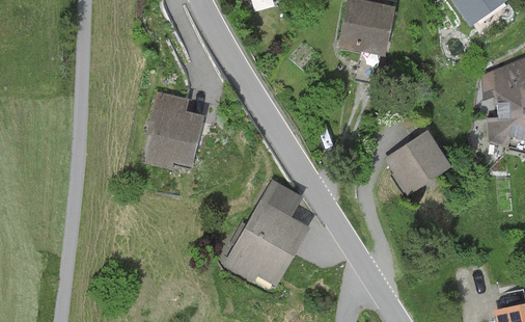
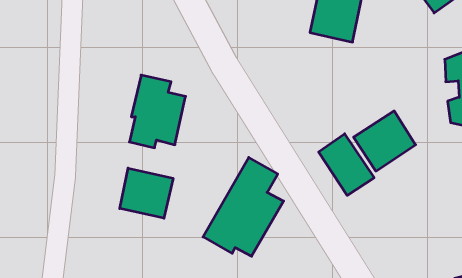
building: none -> [319,134,374,195]
building: none -> [120,168,173,218]

